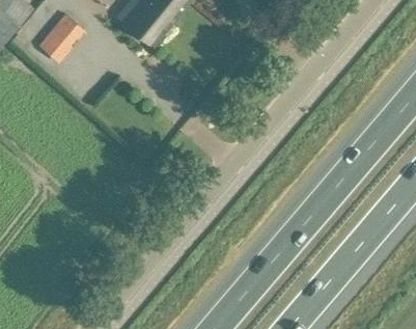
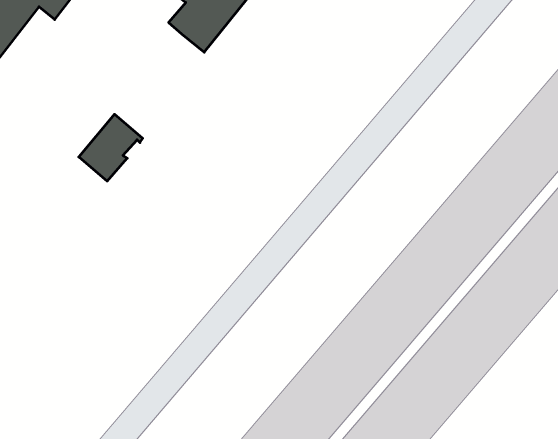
building: [34,12,81,61] -> [79,114,143,181]

